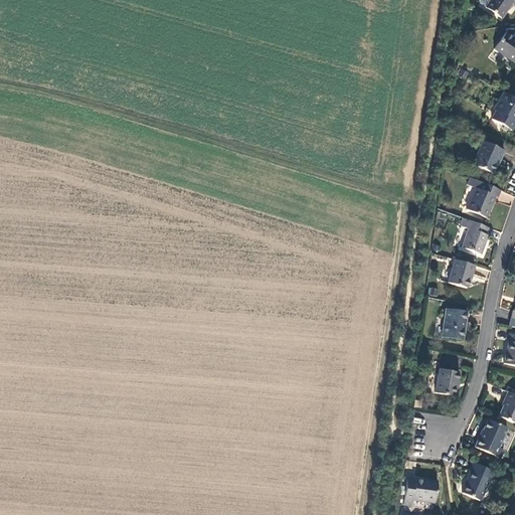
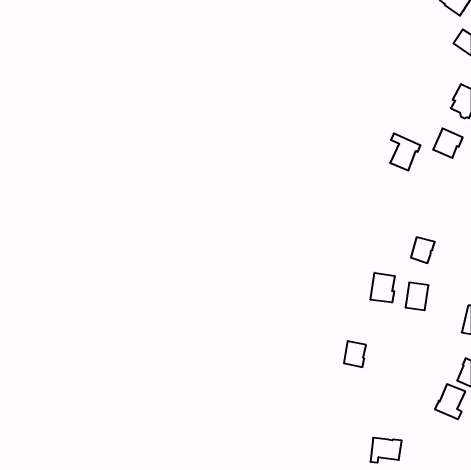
building: [467,176,500,216] -> [390,133,421,170]
building: [461,216,489,253] -> none
building: none -> [371,273,395,303]
building: [436,367,460,395] -> [344,341,366,367]
building: [463,461,496,499] -> none

